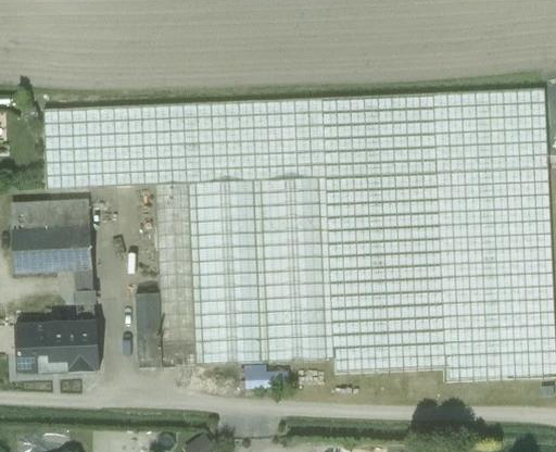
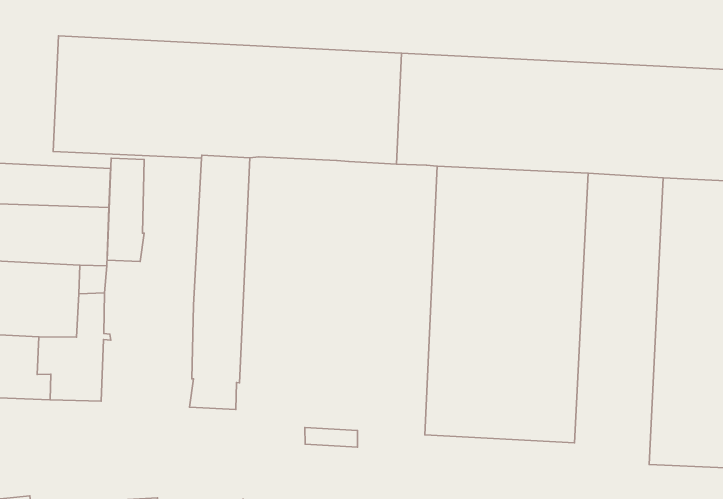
building: [438,173,500,382] -> none
building: [264,178,327,365] -> none
building: [199,180,262,368] -> none
building: [137,293,165,368] -> [107,158,144,261]

